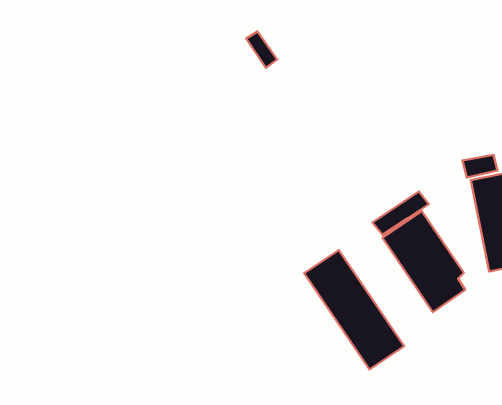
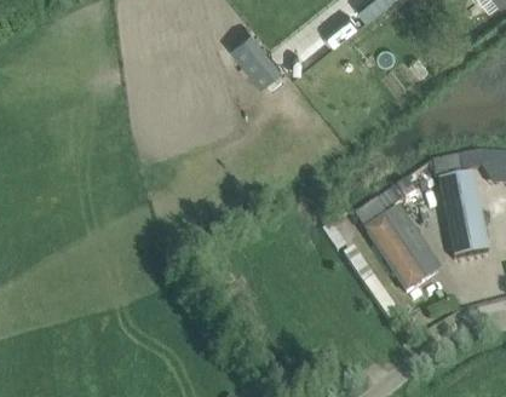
building: [304,250,404,369] -> none

